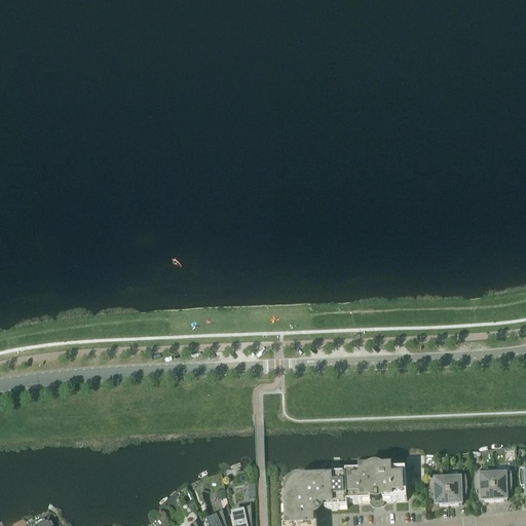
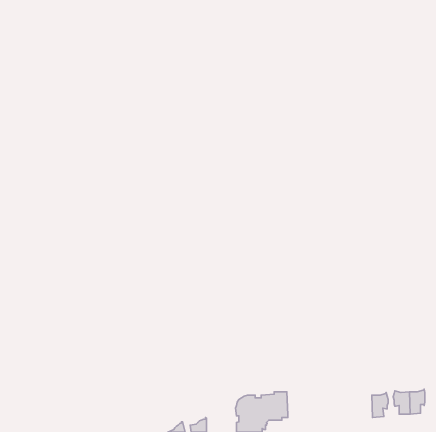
building: [343,462,405,500] -> none
building: [427,473,447,500] -> none

